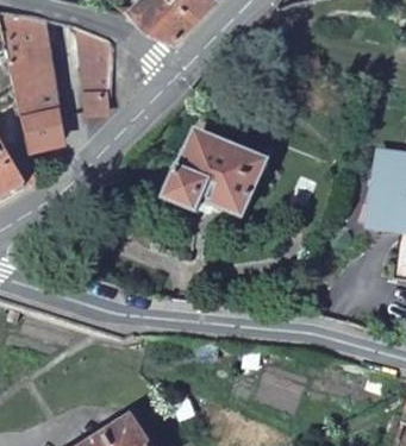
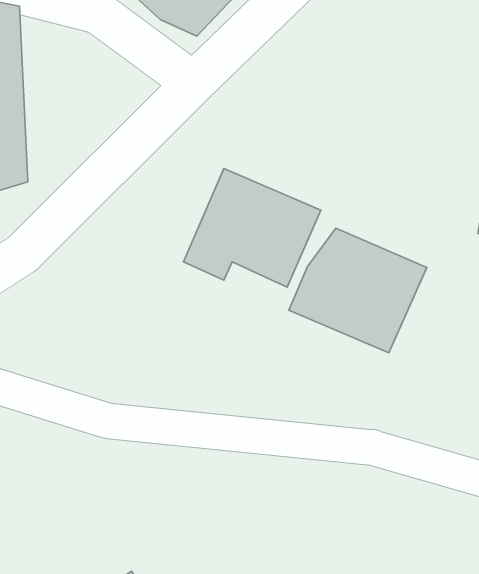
building: [77,20,112,108] -> none
building: none -> [289,228,427,353]

